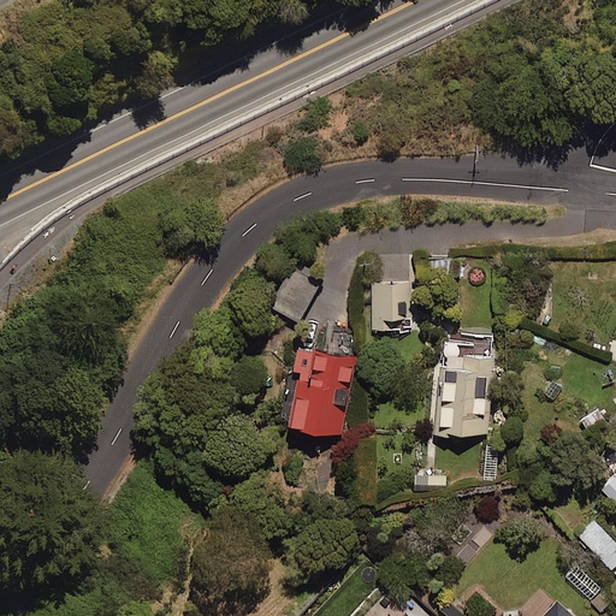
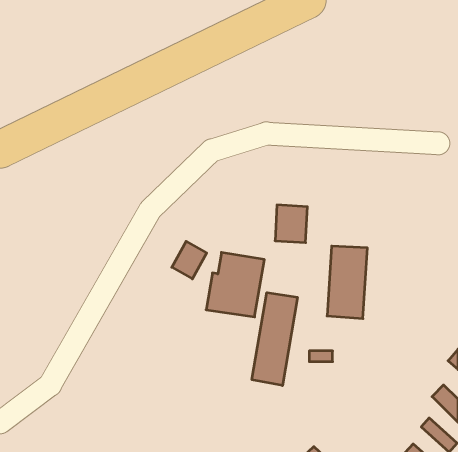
building: [274,267,321,318] -> [172,241,207,279]
building: none -> [252,293,297,386]

